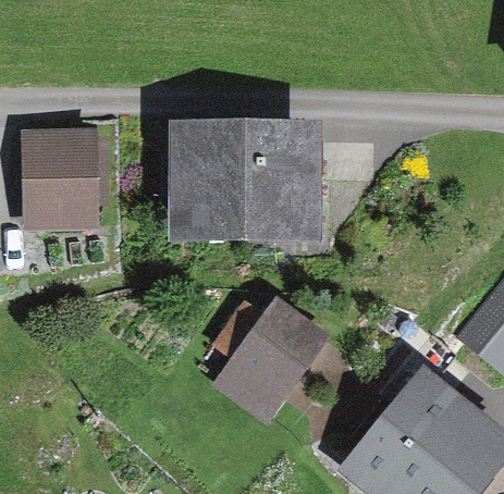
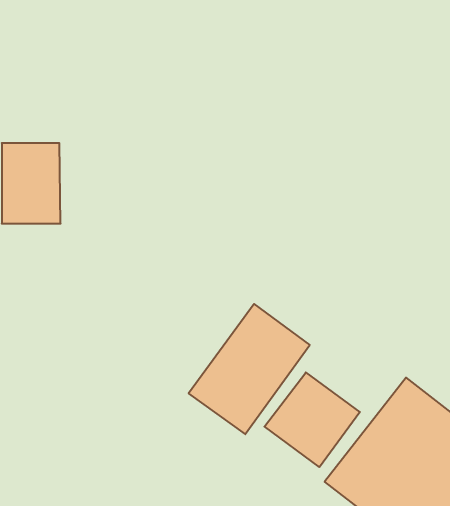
building: [182,138,307,235] -> none
building: none -> [264,372,360,467]

